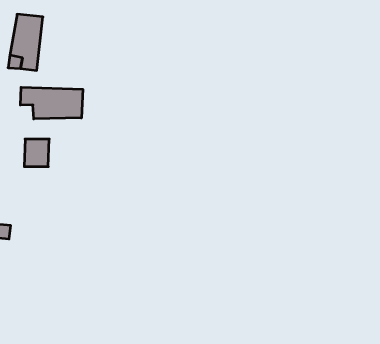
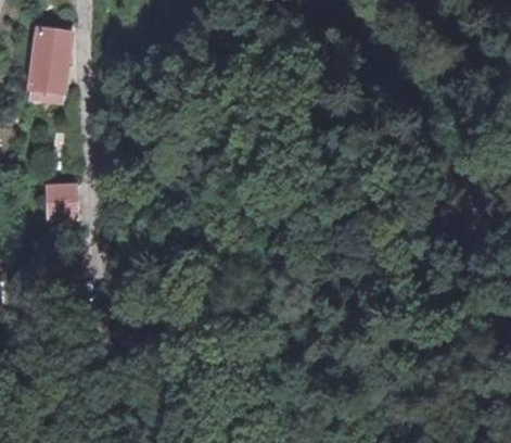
building: [20,87,83,119] -> none

